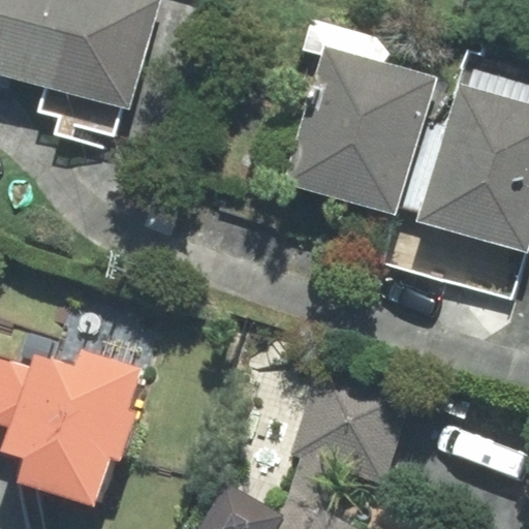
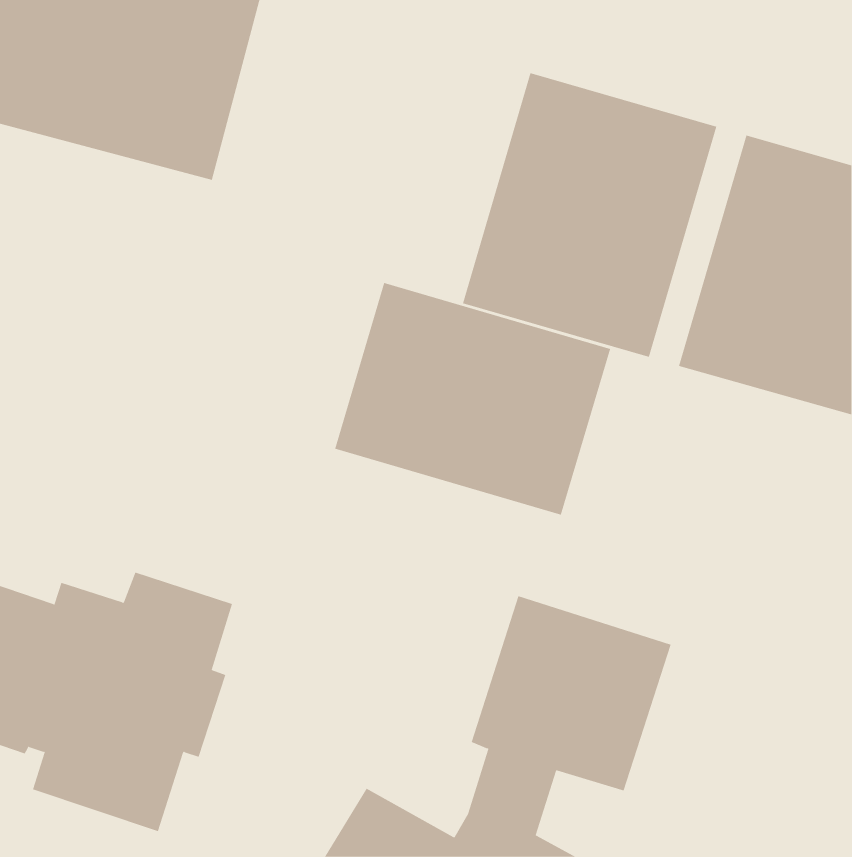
building: none -> [334,282,611,515]

